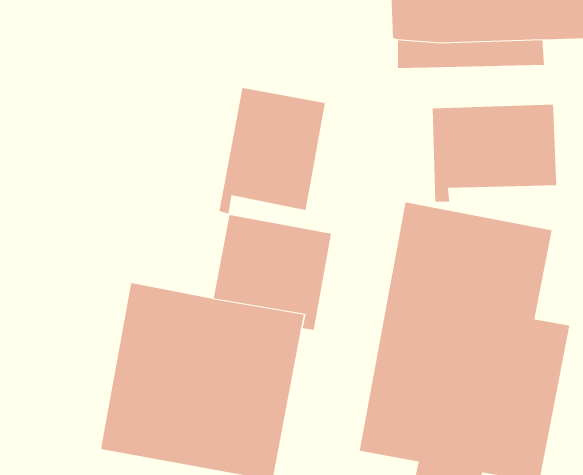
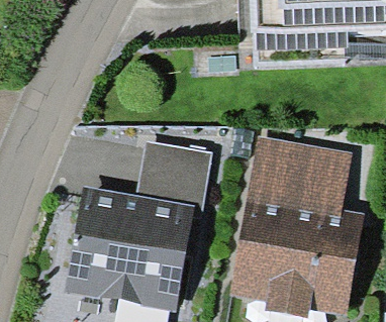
building: [219,87,326,214] -> none
building: [432,104,557,203] -> none

